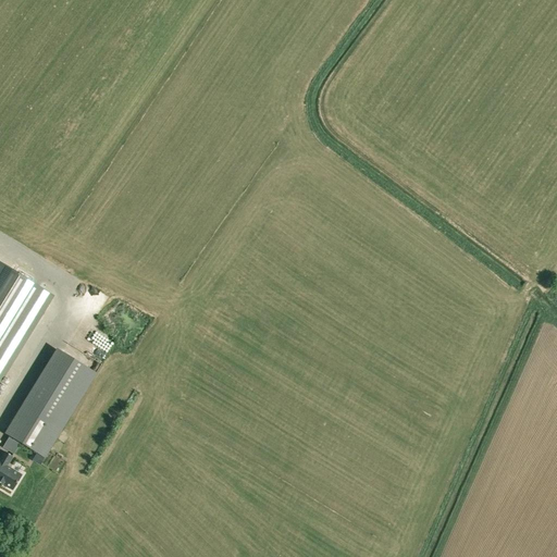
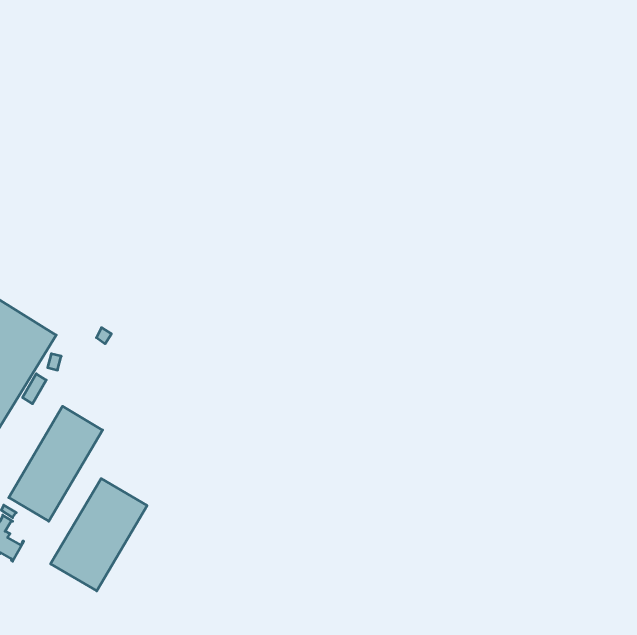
building: none -> [51,479,147,591]

